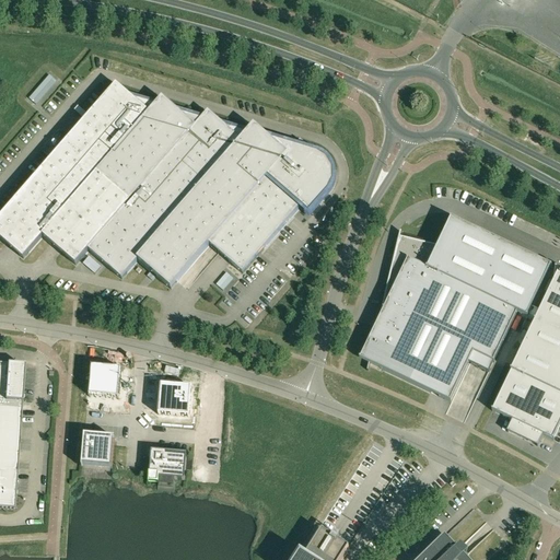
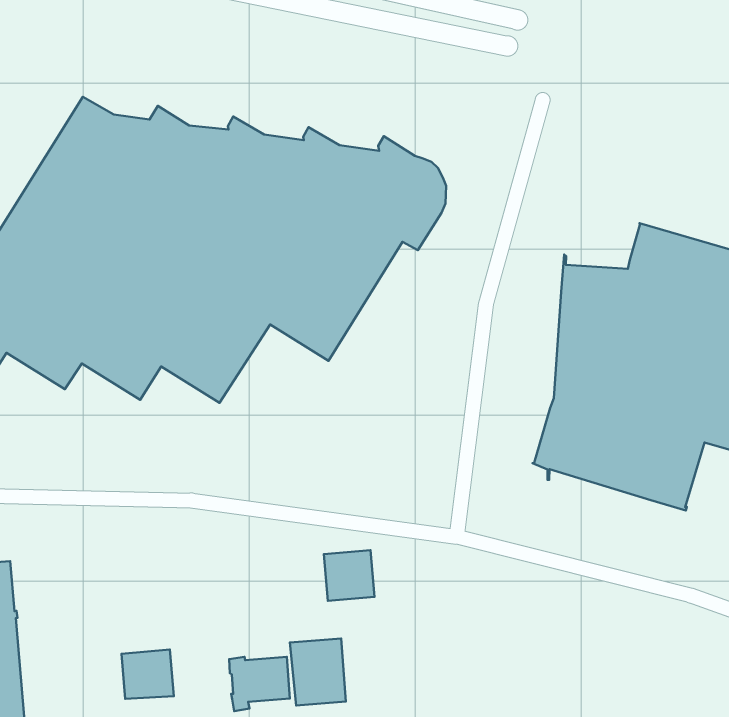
building: [89,362,120,395] -> none
building: [159,381,190,412] -> [324,550,375,601]
building: none -> [290,639,346,705]

